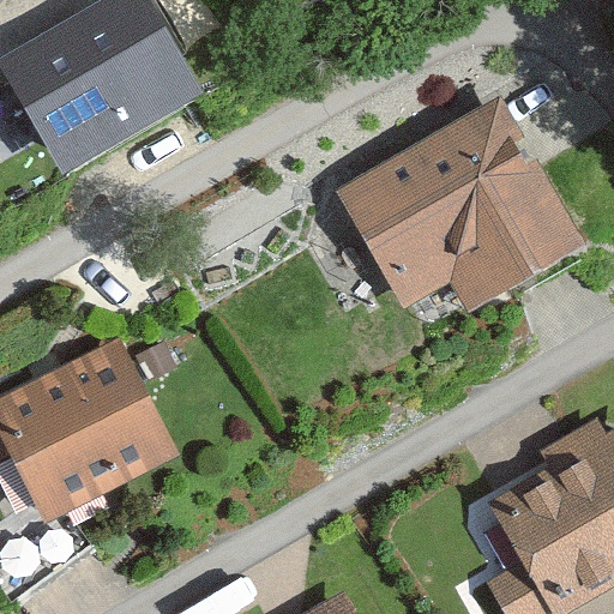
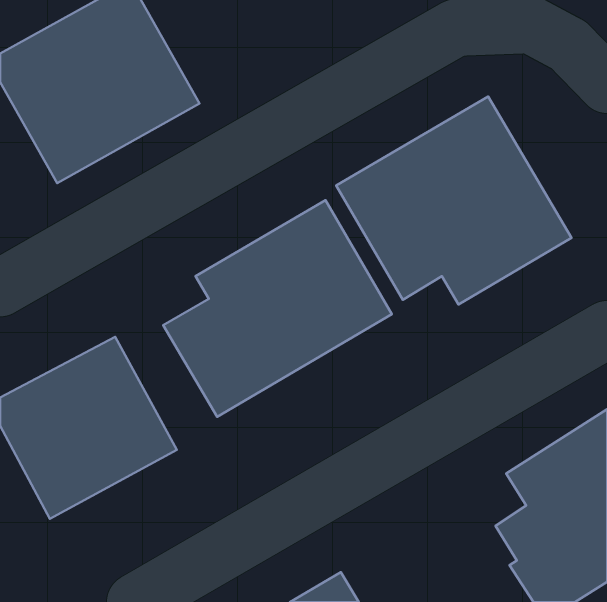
building: none -> [163,200,392,417]

